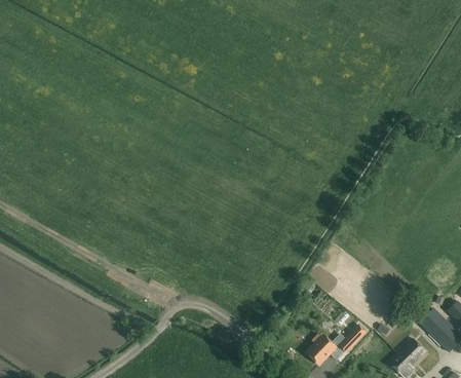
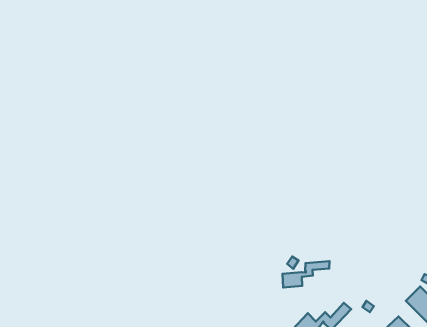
building: none -> [282,261,329,288]

